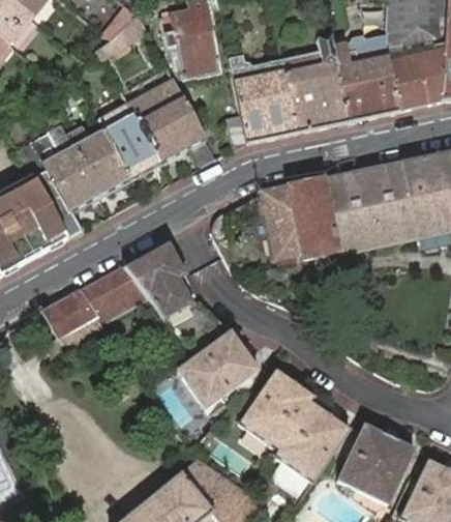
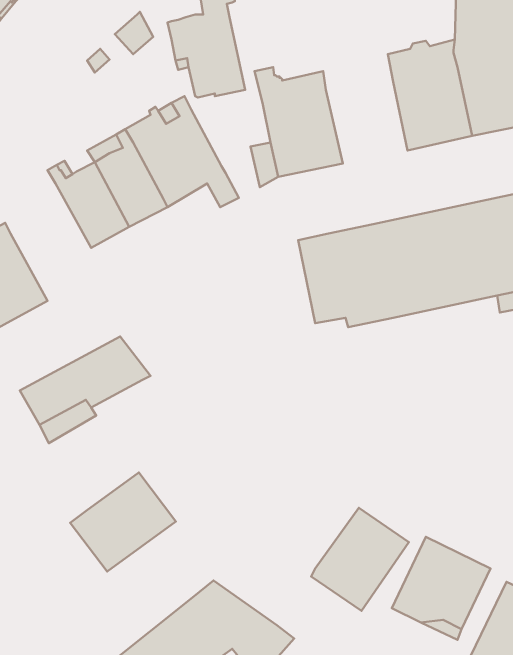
building: [282,34,349,129] -> none
building: [37,123,100,237] -> none
building: [123,241,218,341] -> none
building: [176,329,259,407] -> [70,473,176,571]
building: [238,368,313,447] -> none

